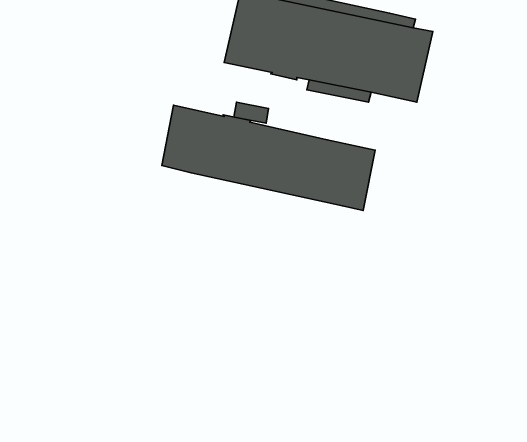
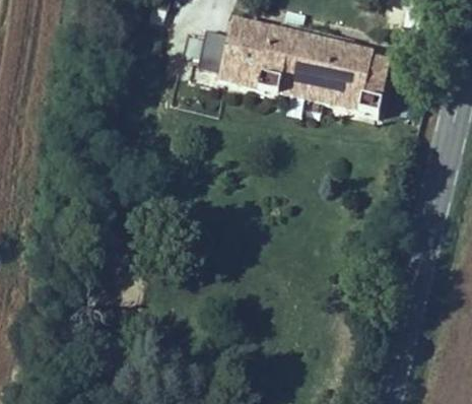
building: [162,105,375,211] -> none

